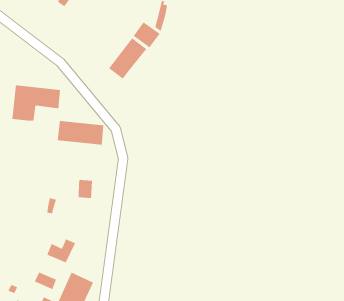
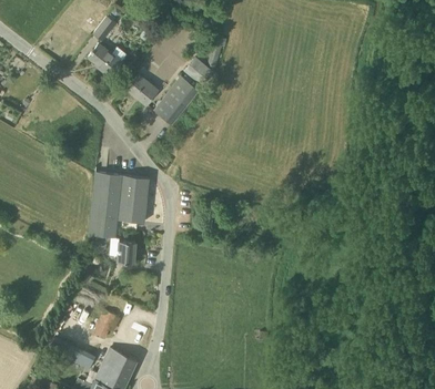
building: none -> [88,43,122,78]
building: none -> [127,74,159,105]
building: [12,85,61,121] -> [89,195,146,237]

